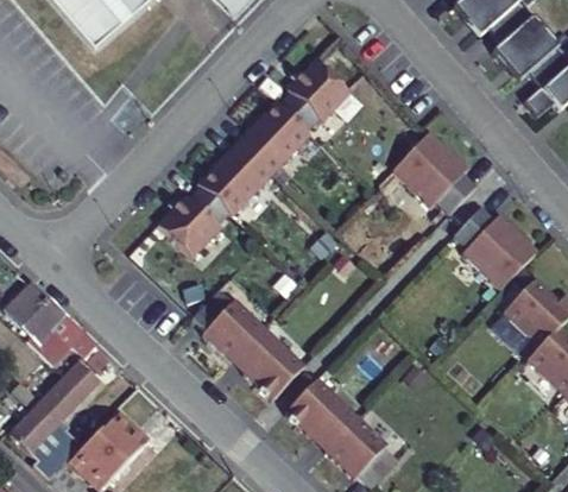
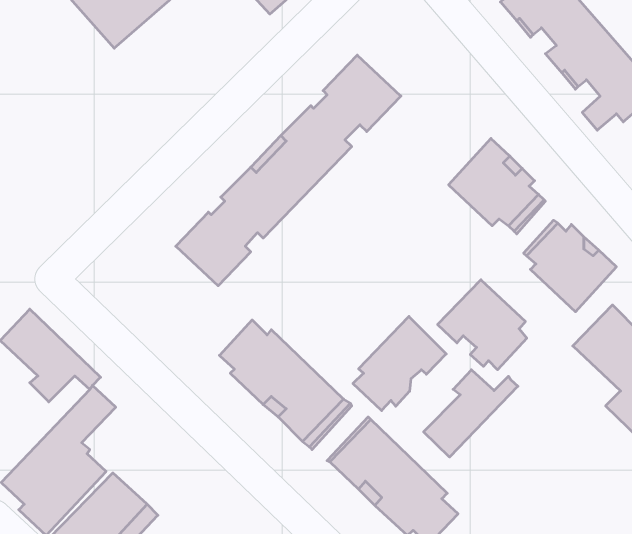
building: none -> [438,280,527,370]
building: none -> [353,316,446,411]
building: none -> [424,370,518,457]

